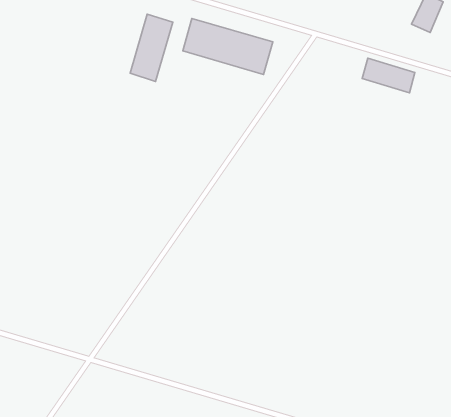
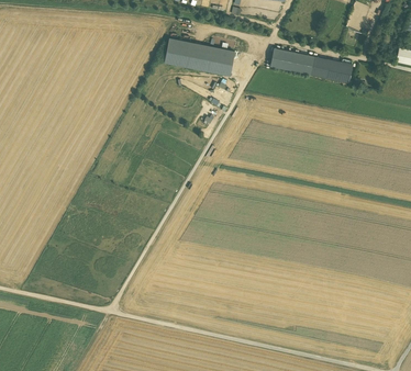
building: [130,14,173,81] -> none
building: none -> [271,48,313,74]

